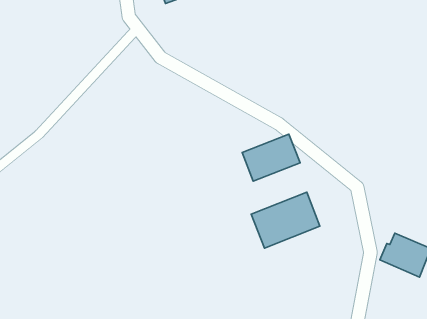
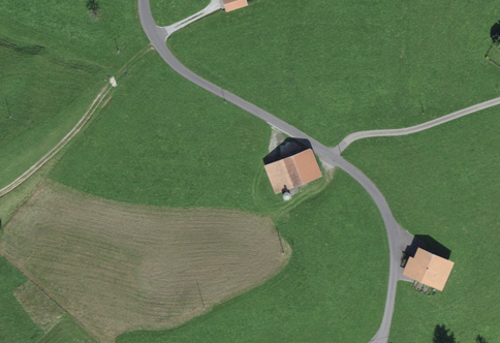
building: [251,192,320,248] -> none

